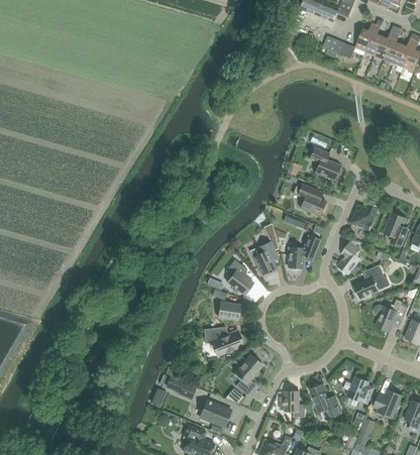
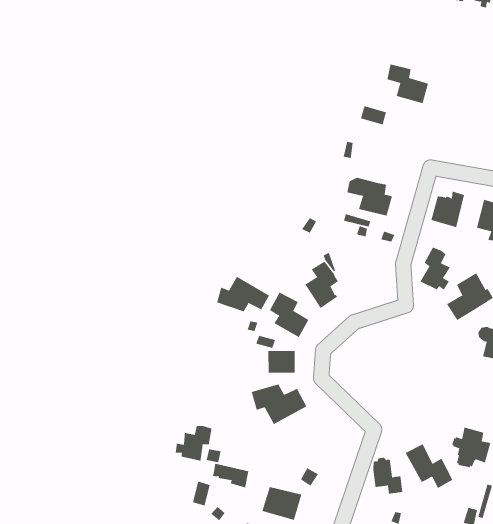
building: [310,147,340,180] -> [387,64,429,104]
building: [287,236,320,267] -> none
building: none -> [217,276,270,312]
building: none -> [175,425,212,462]
building: [235,354,262,394] -> none

